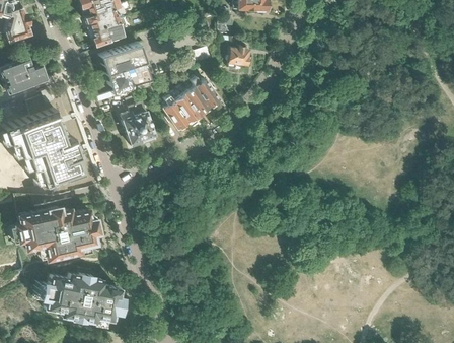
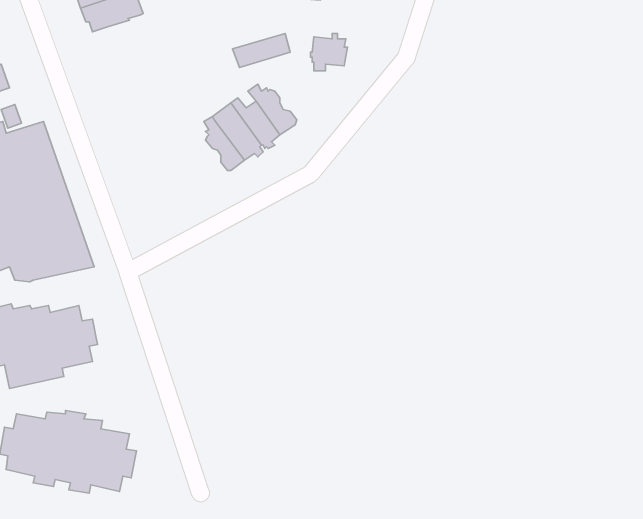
building: [98,42,155,94] -> none
building: [120,95,156,145] -> none

